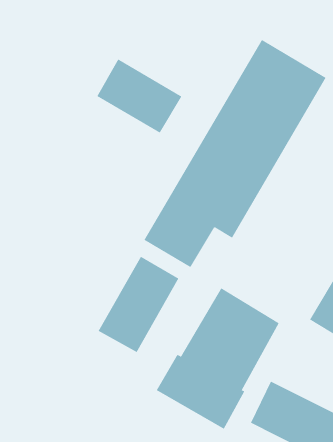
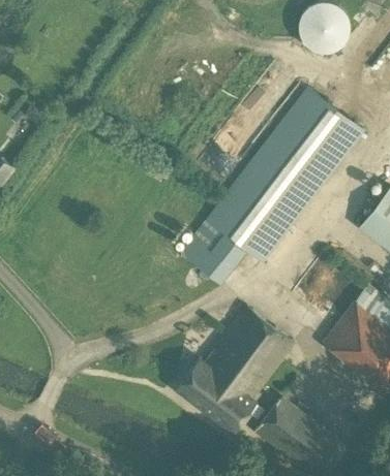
building: [96,58,182,133] -> none
building: [98,256,179,353] -> none

